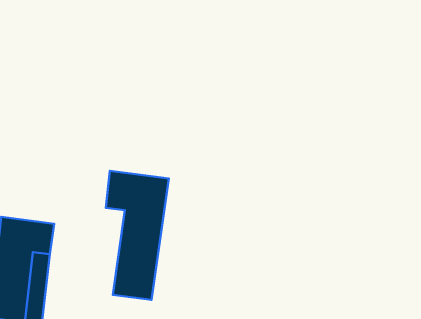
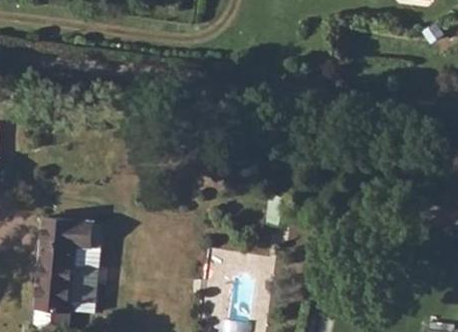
building: [106,171,169,300] -> none

